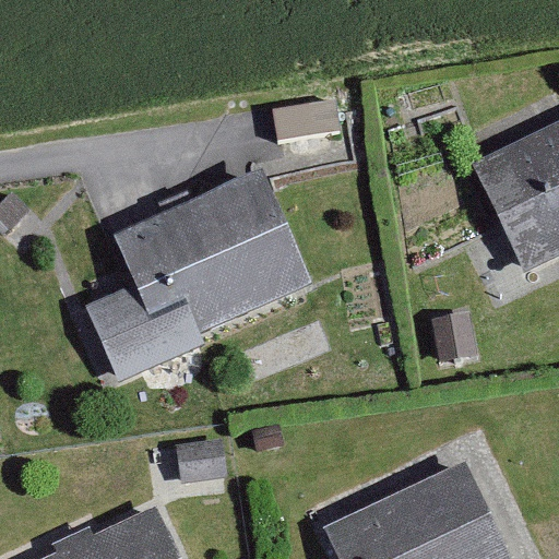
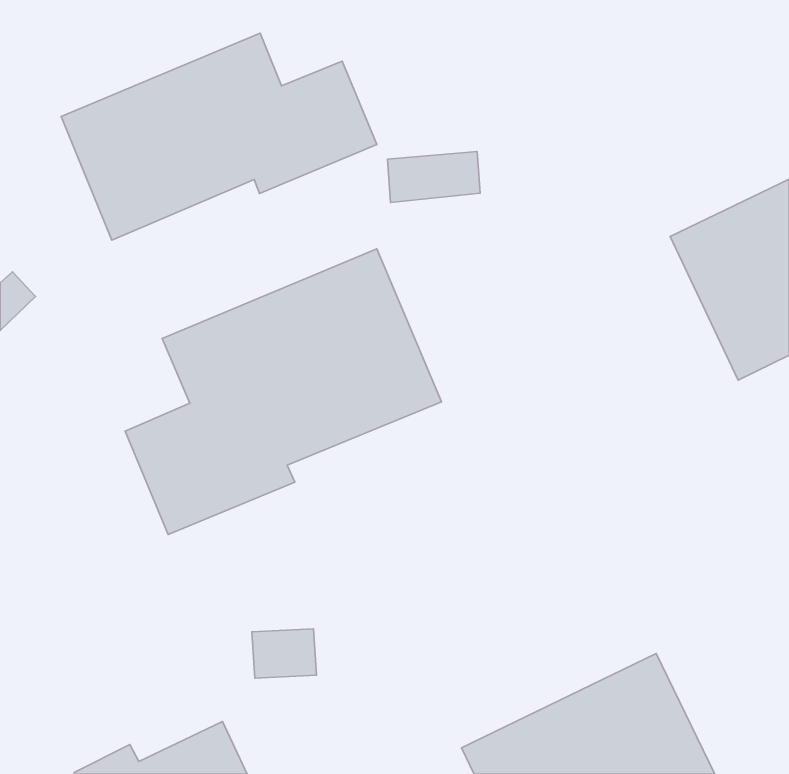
building: none -> [61,33,377,240]

